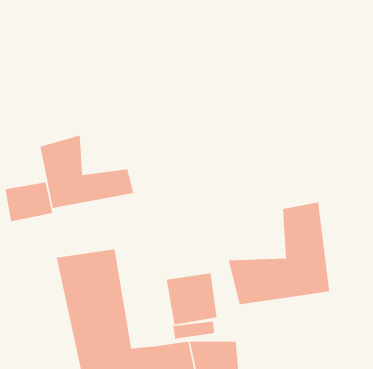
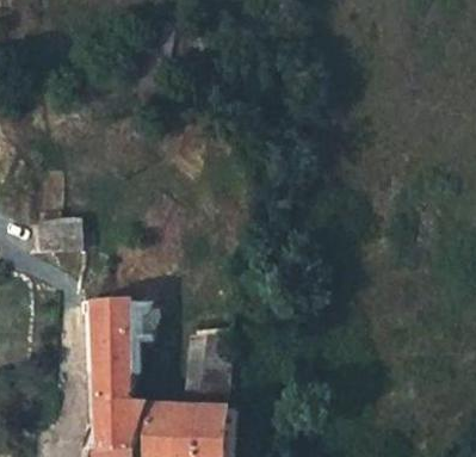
building: [39,134,134,209] -> none
building: [228,202,330,305] -> none

